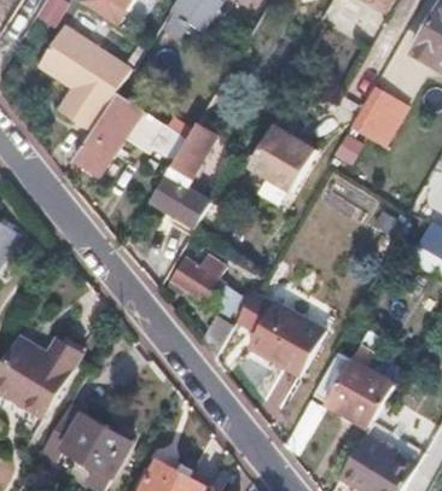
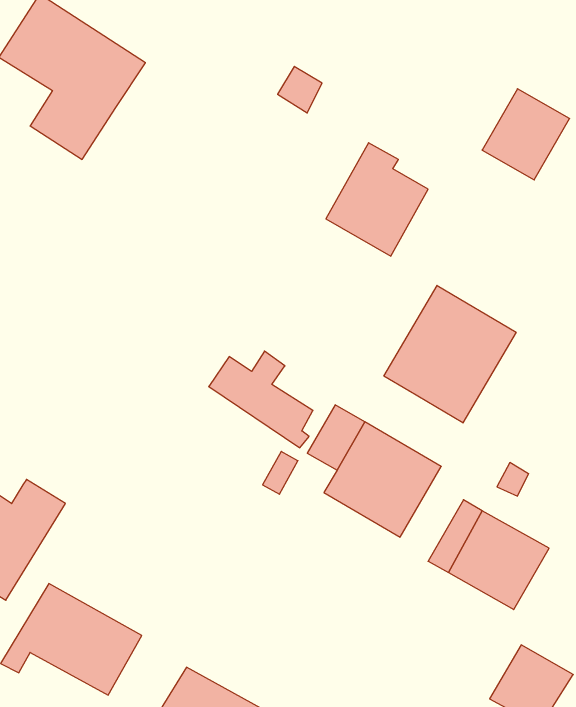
building: [72,98,181,176] -> none
building: [151,127,217,235] -> none
building: none -> [384,285,516,423]

